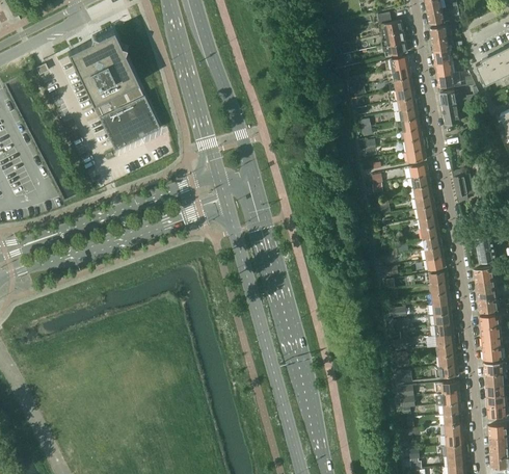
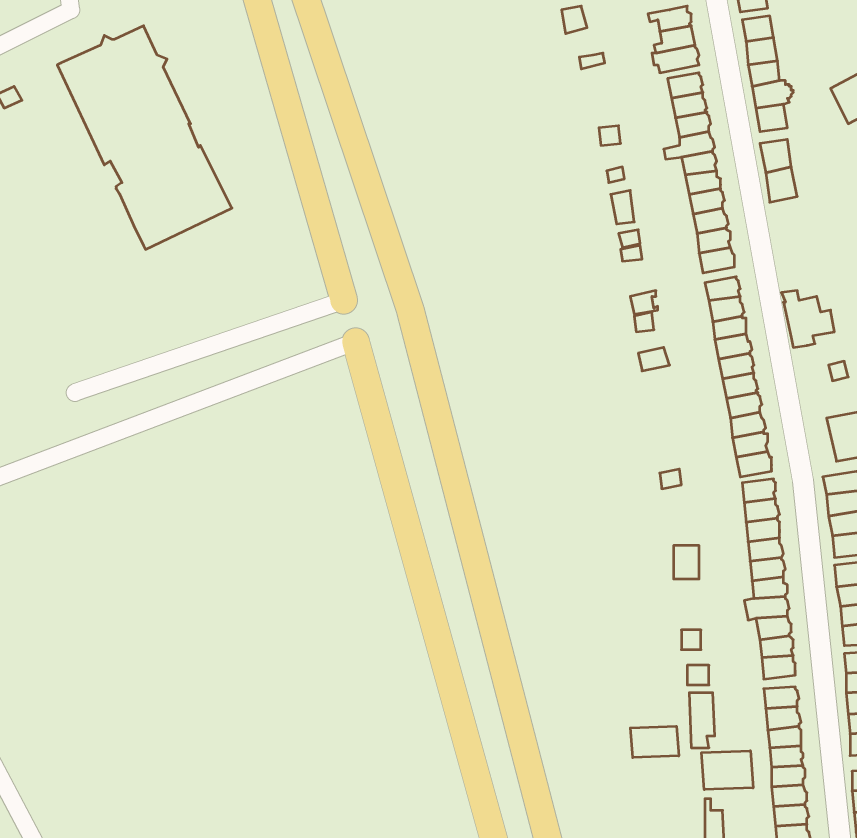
building: none -> [630,726,679,758]
building: none -> [702,751,753,790]

